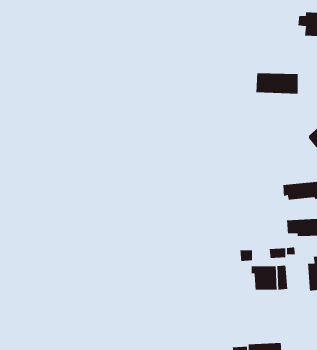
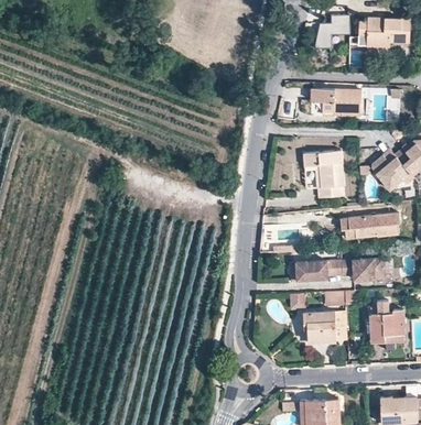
building: none -> [315,18,352,51]
building: none -> [304,151,345,198]
building: none -> [300,260,346,281]

